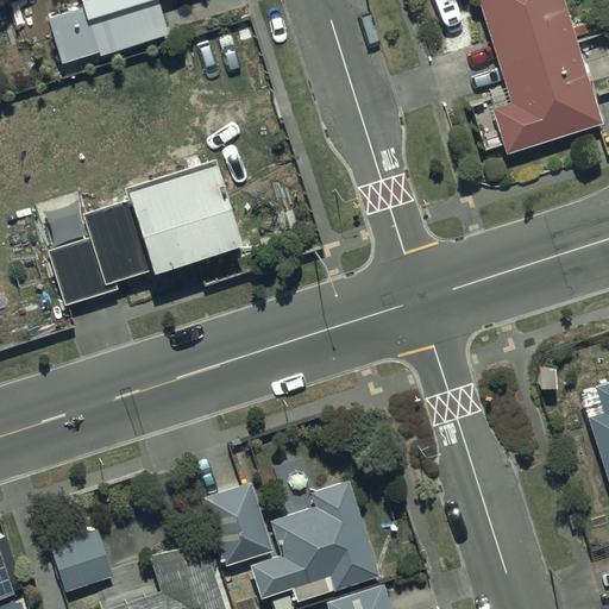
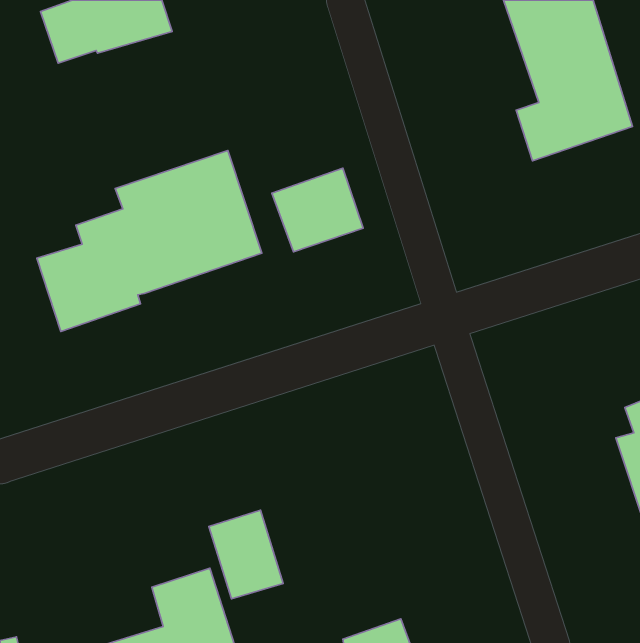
building: none -> [272,168,363,252]
building: [251,481,382,603] -> none
building: [52,532,114,594] -> none

